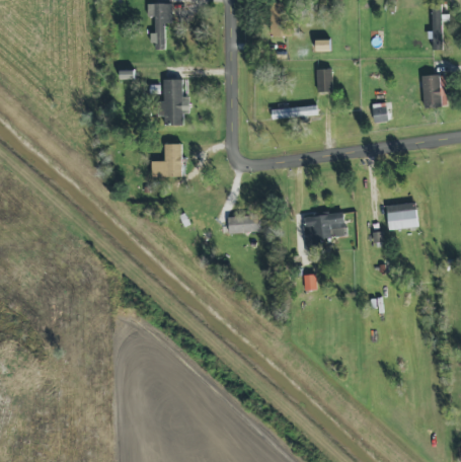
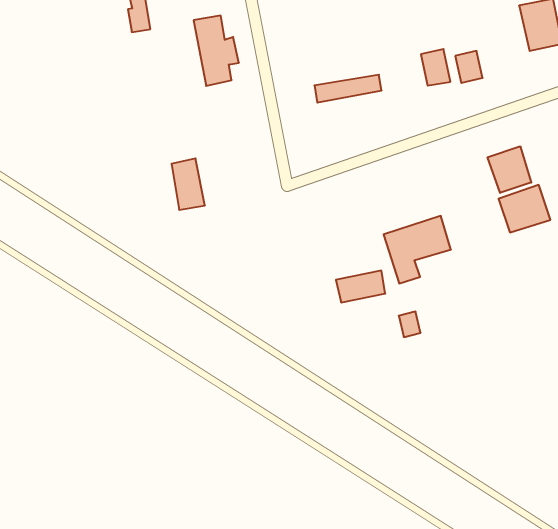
building: [316,68,333,91] -> [421,49,450,86]
building: [163,79,189,126] -> [194,16,239,86]
building: none -> [488,146,531,193]
building: [228,216,260,233] -> [336,271,385,302]

